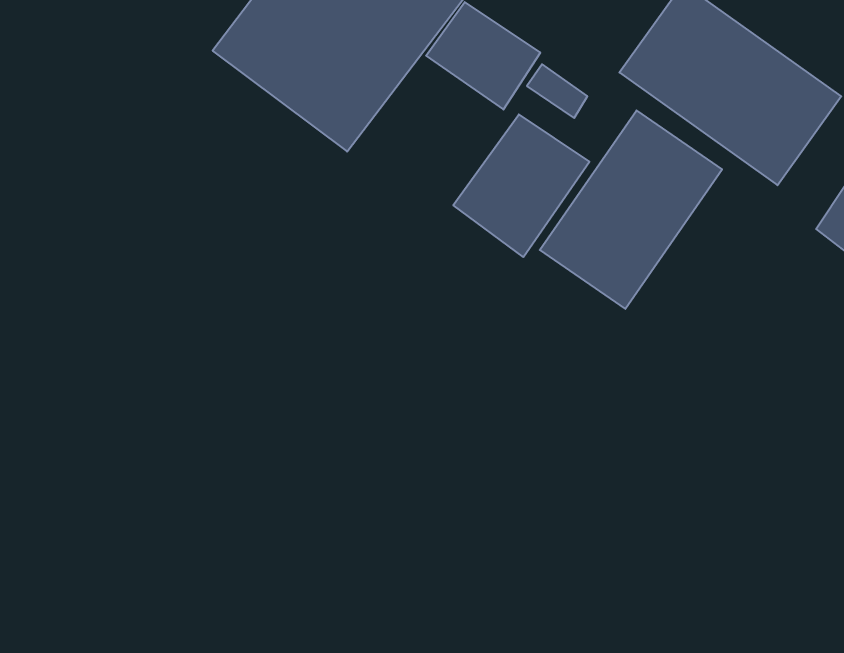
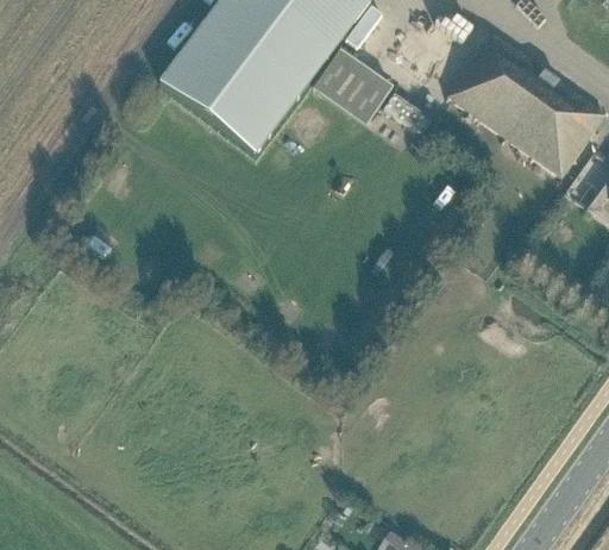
building: [540,110,722,309] -> none
building: [453,114,589,257] -> none

